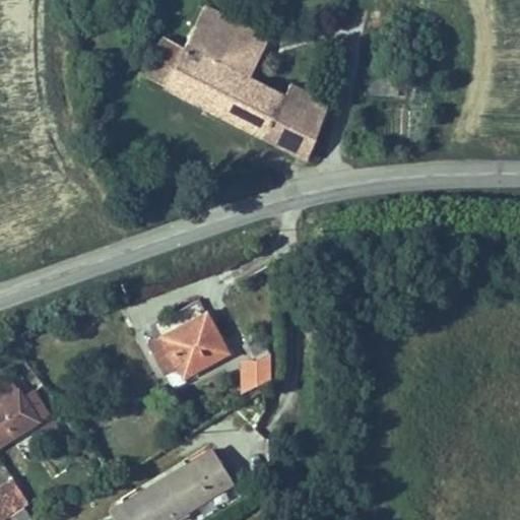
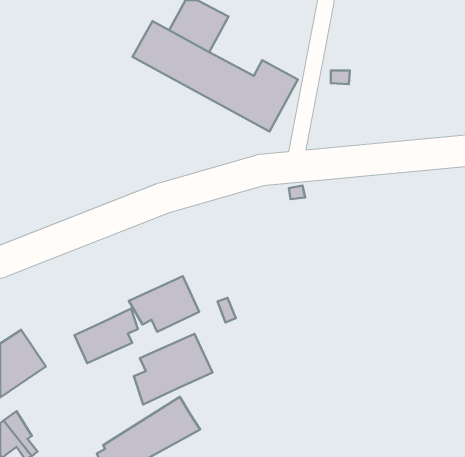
building: none -> [74,309,138,363]
building: none -> [134,334,212,404]

